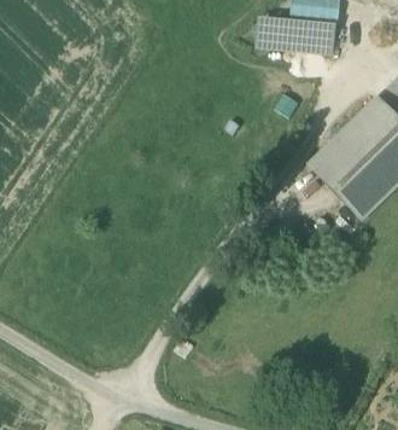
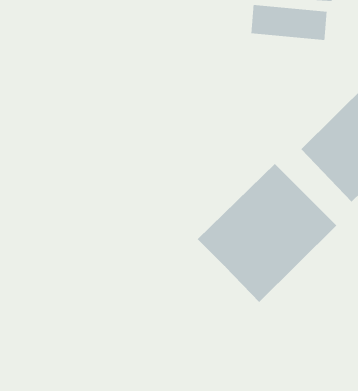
building: none -> [197,163,337,303]

